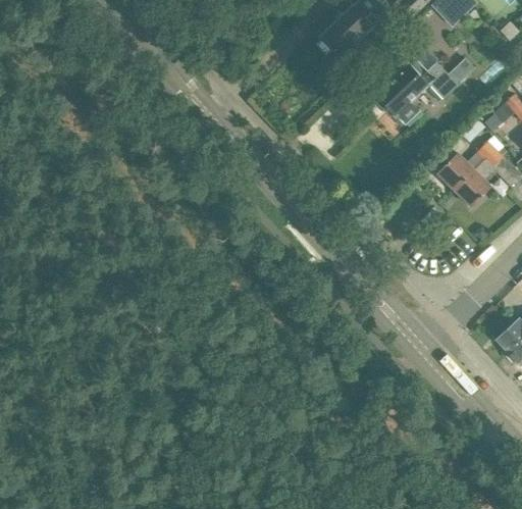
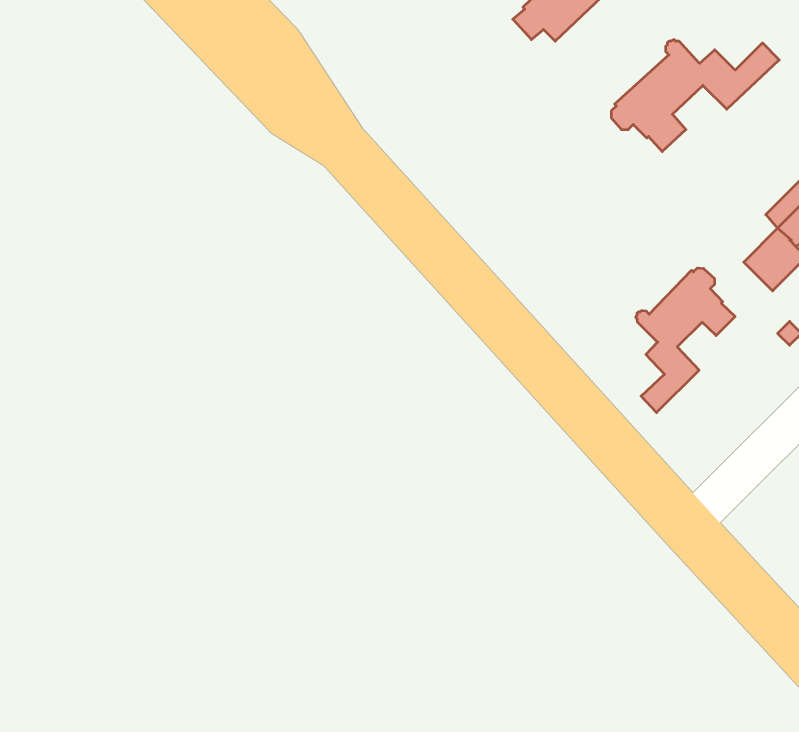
building: [437,152,475,190] -> none
building: none -> [636,268,735,413]

